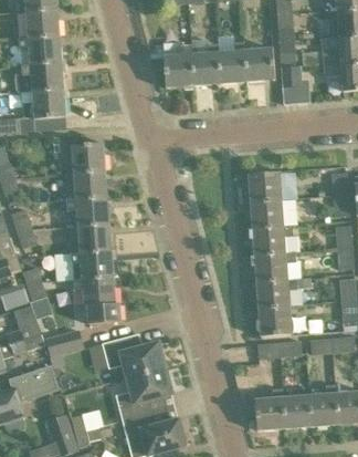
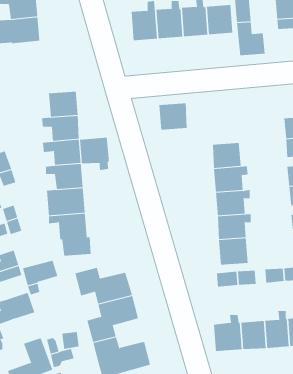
building: [31,87,65,118] -> none
building: [250,172,282,201] -> [158,103,188,130]
building: none -> [79,137,109,171]

